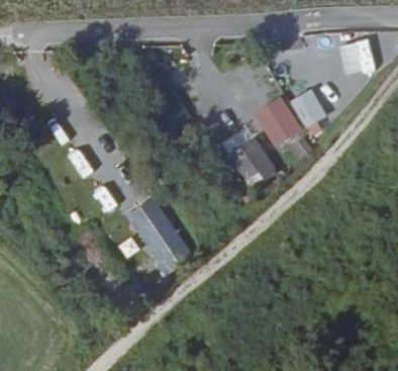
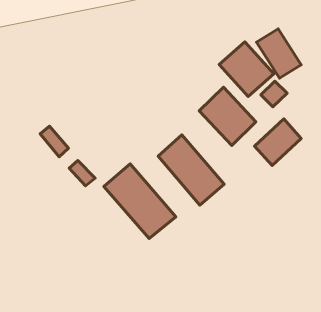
building: none -> [255,119,301,165]
building: none -> [158,135,224,205]

